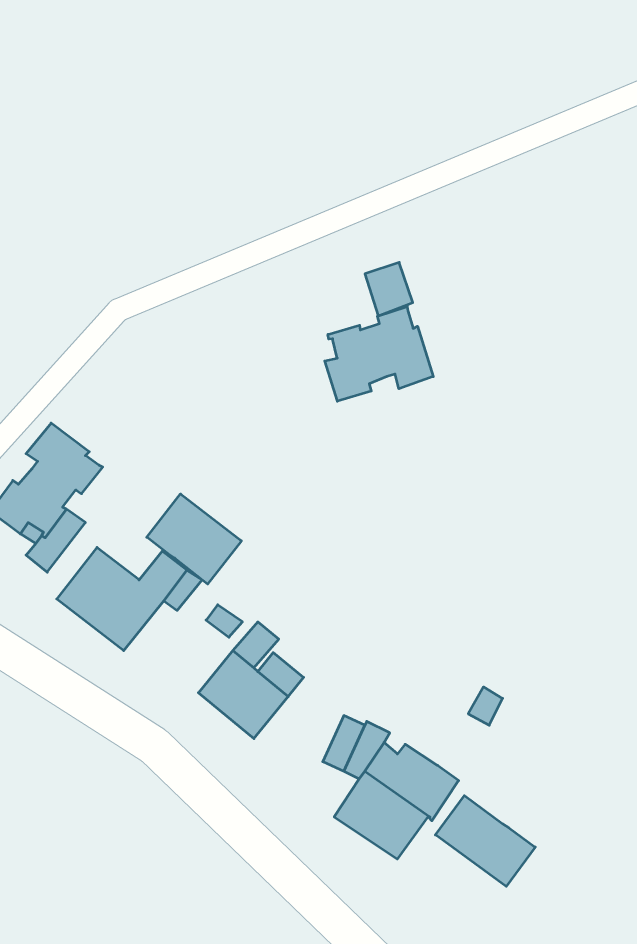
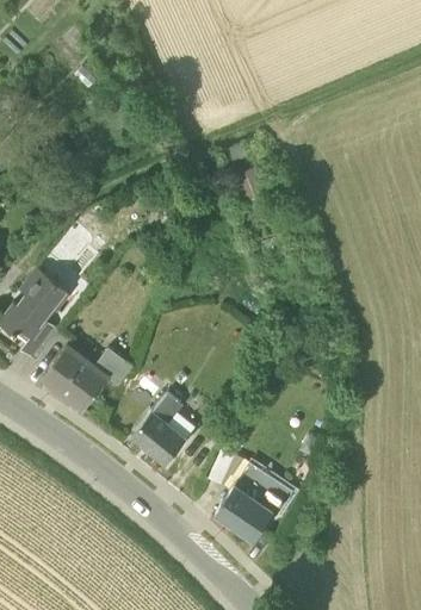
building: [325,306,433,401] -> none
building: [147,494,241,584] -> none
building: [435,796,535,886] -> none

